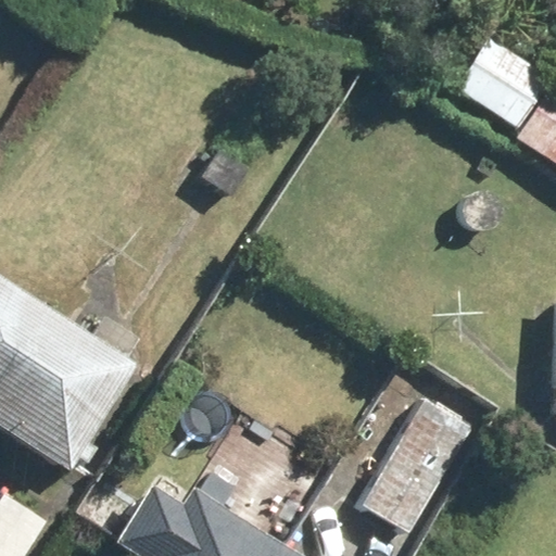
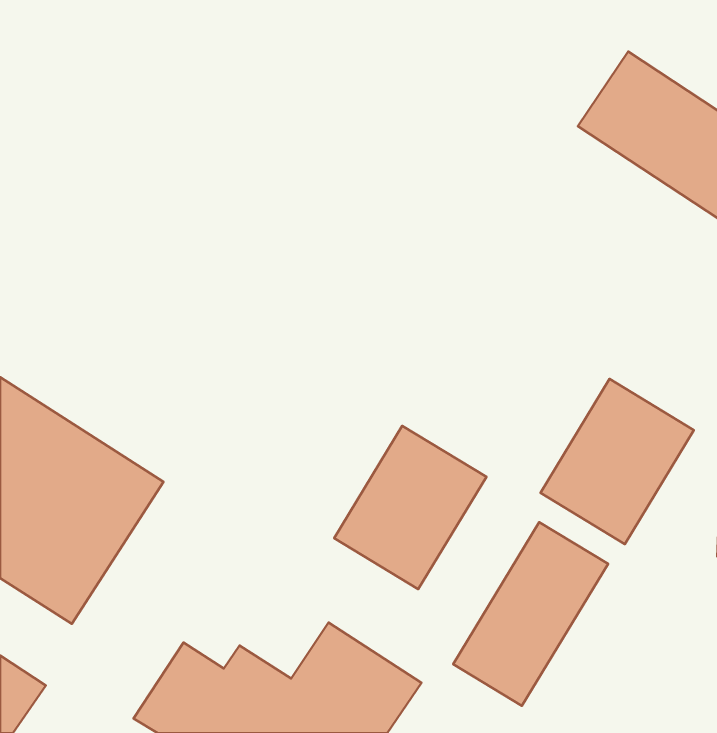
building: none -> [540,379,694,544]
building: none -> [334,426,486,589]

